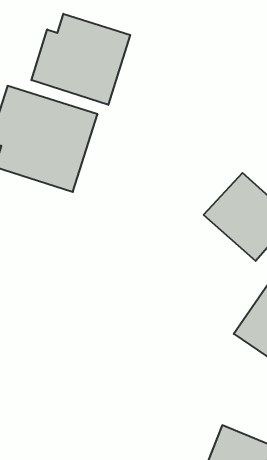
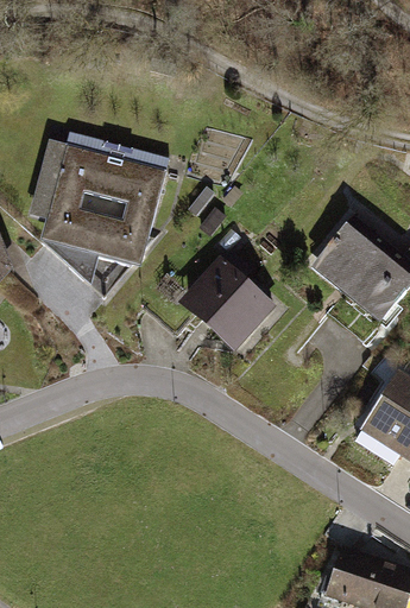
building: [31,14,130,105] -> none
building: none -> [182,256,277,350]

